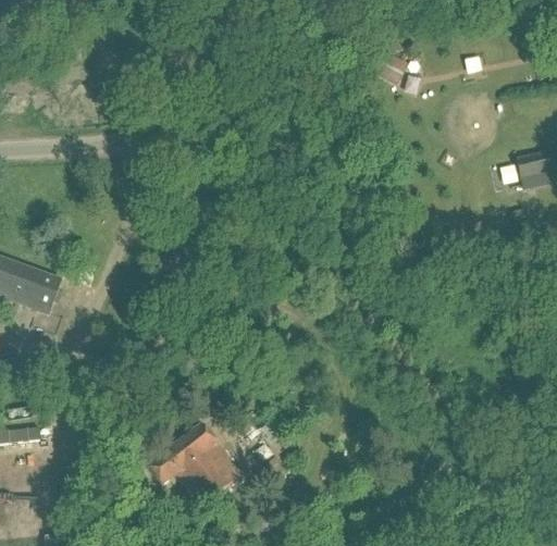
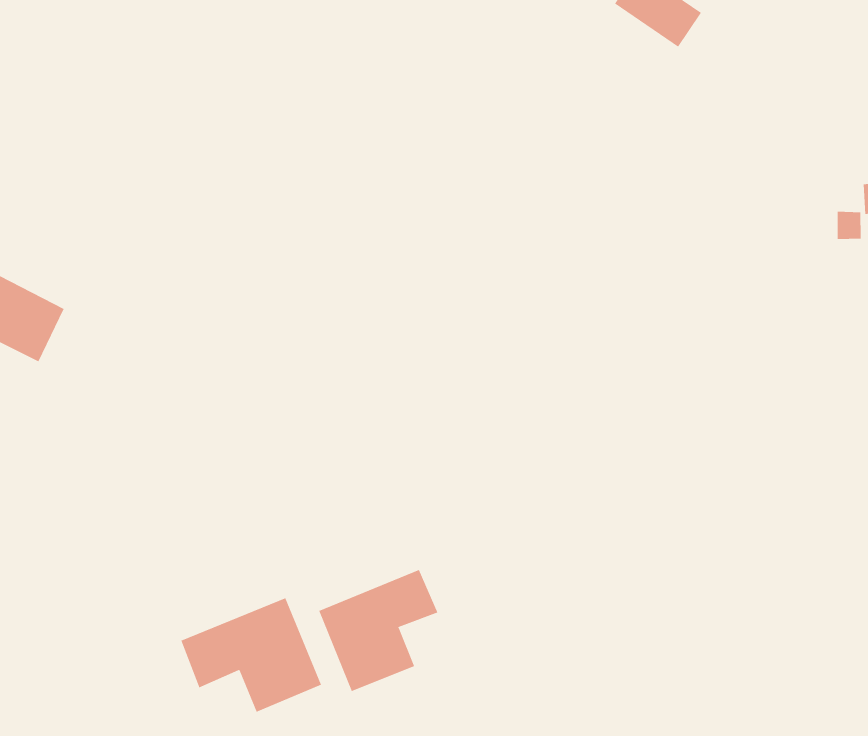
building: none -> [318,569,438,692]

